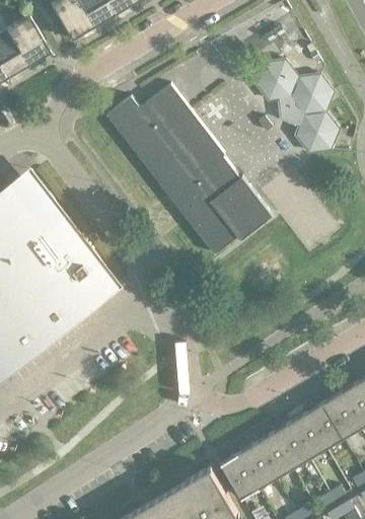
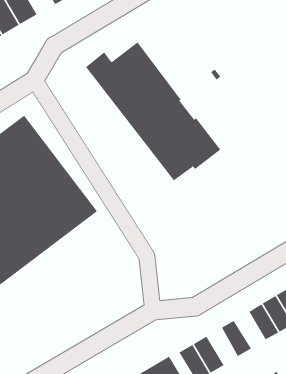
building: [252,58,340,153] -> none
building: [288,413,325,457] -> none
building: [254,432,292,477] -> none

